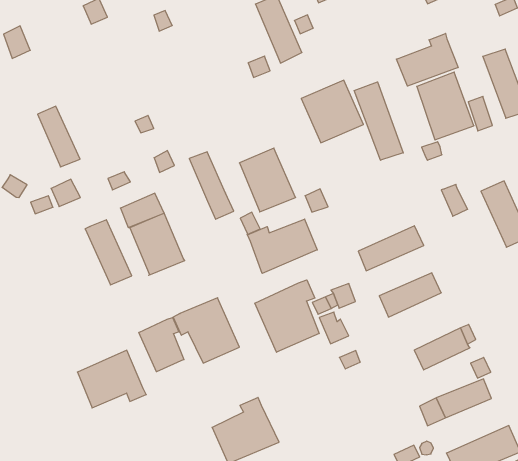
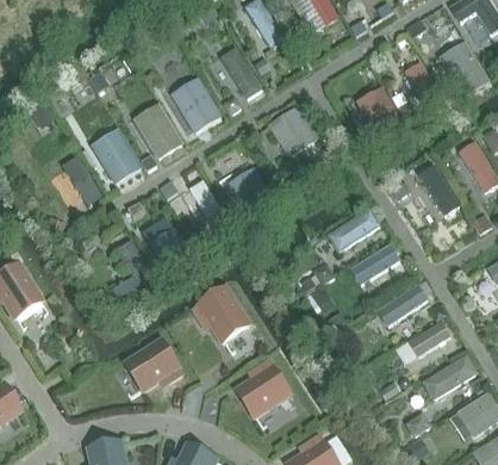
building: none -> [170,78,220,132]
building: [396,33,458,86] -> none
building: none -> [132,103,182,157]
building: none -> [91,131,139,184]
building: [354,82,403,160] -> none
building: [247,219,317,273] -> none
building: [255,280,319,352] -> none
building: [139,317,184,372] -> none

